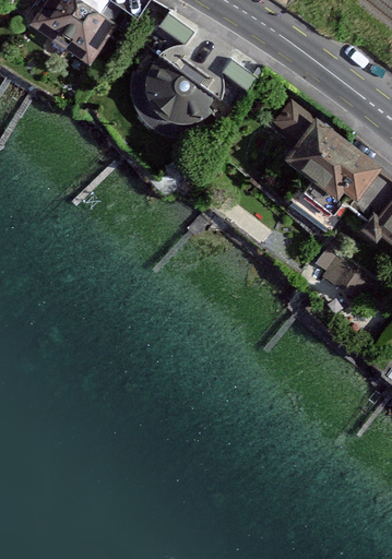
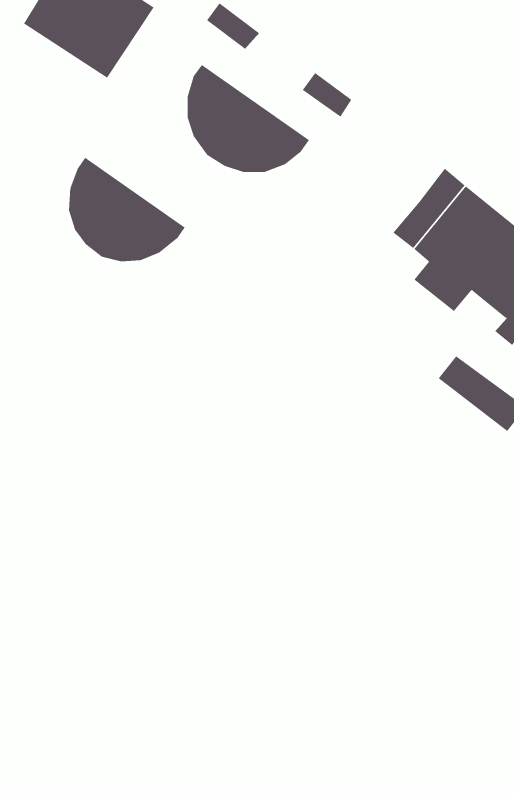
building: [274,99,317,142] -> none
building: none -> [68,157,186,262]

